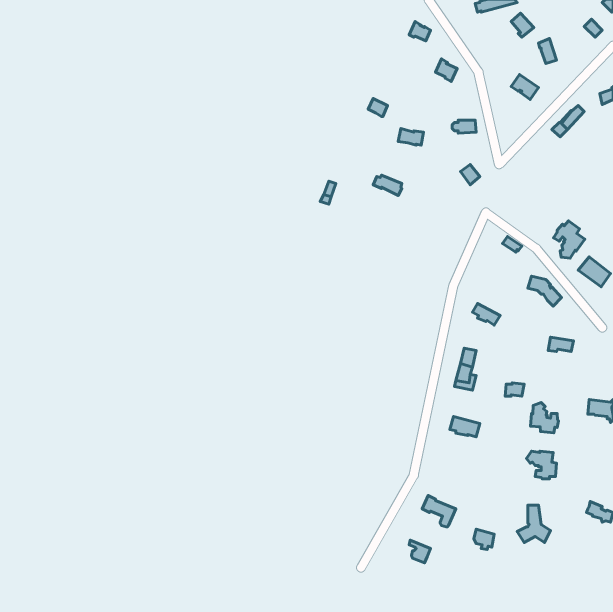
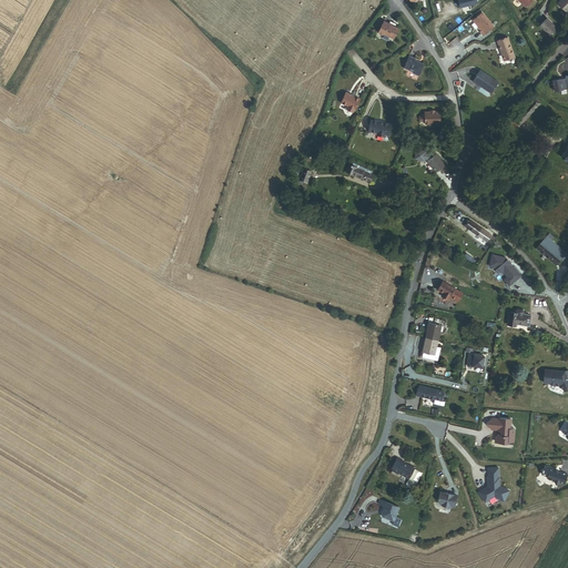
building: [554,221,585,258] -> none
building: [530,402,558,433] -> none

